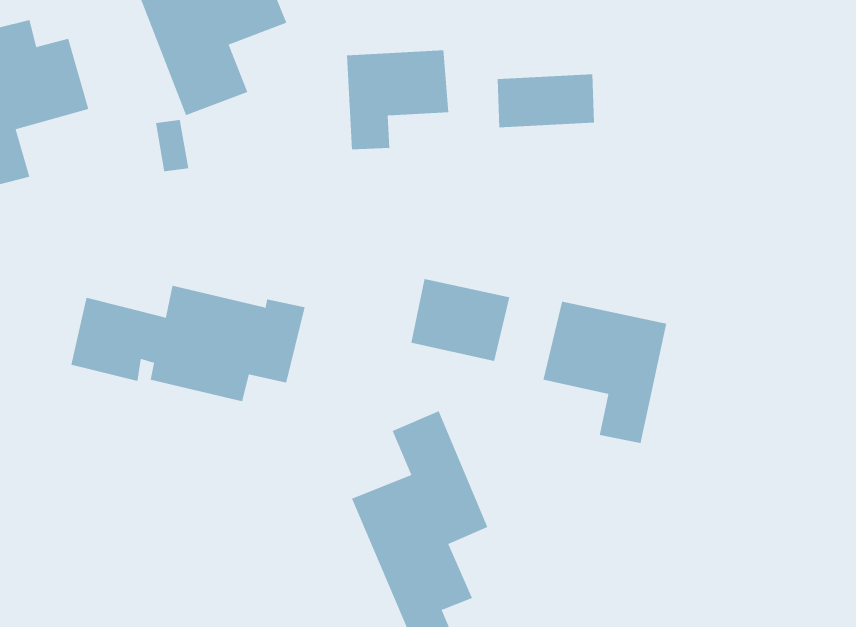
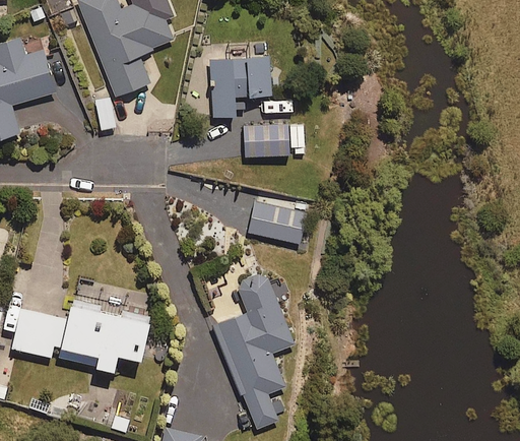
building: [497,74,595,128] -> [245,124,304,156]
building: [70,285,305,402] -> [10,300,151,370]
building: [543,301,667,444] -> none

